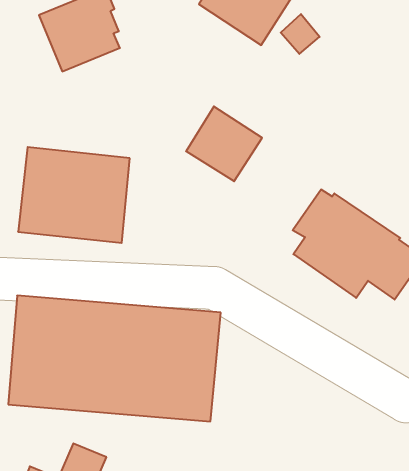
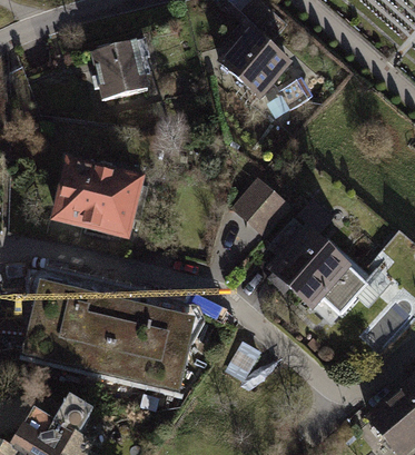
building: [186,106,262,181] -> [230,178,292,239]

